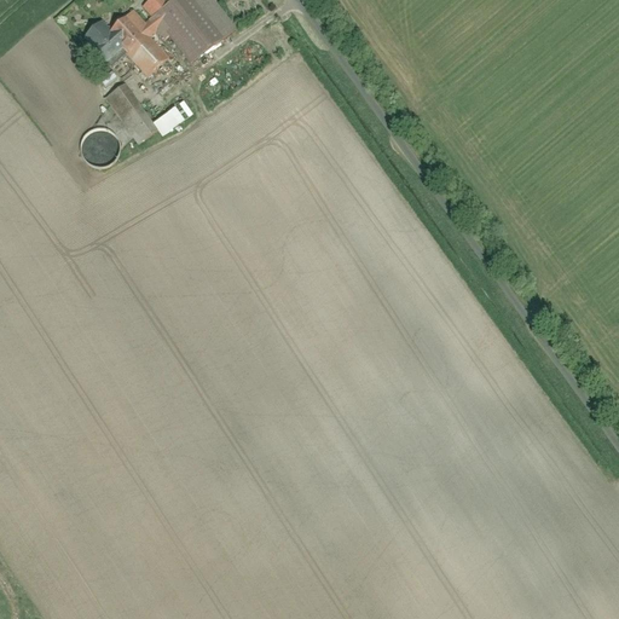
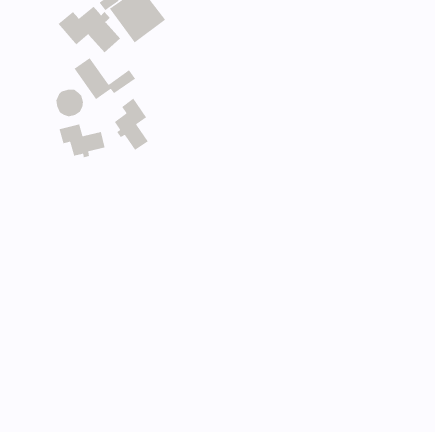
building: none -> [114,98,149,151]
building: none -> [58,124,106,158]

